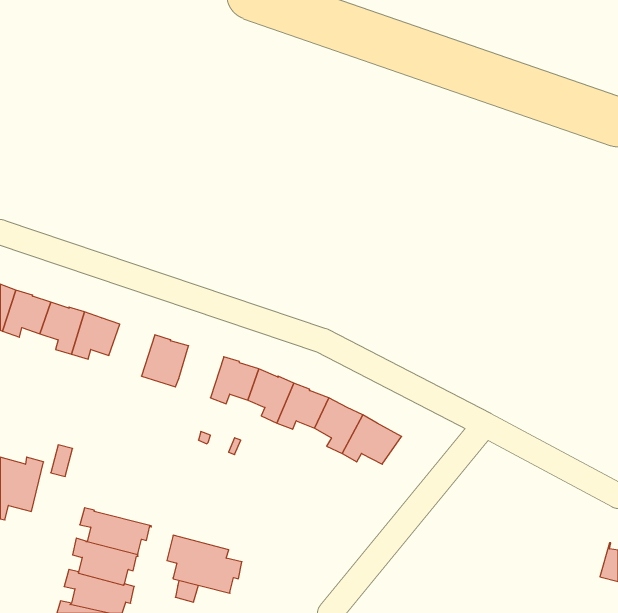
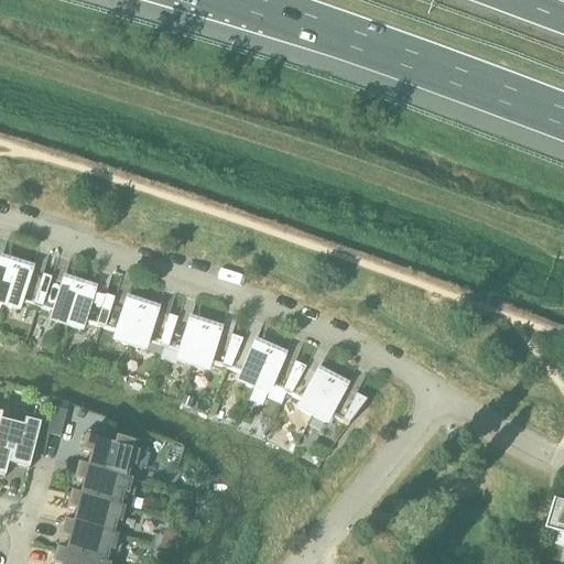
building: none -> [99,295,141,343]
building: none -> [163,315,204,362]
building: [167,535,242,593] -> [80,426,149,479]

